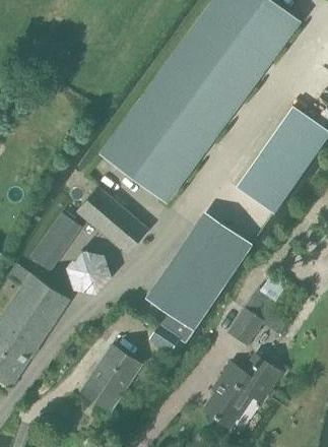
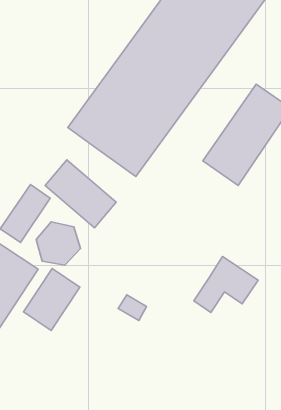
building: [155,225,240,321] -> none
building: [82,345,140,409] -> [24,269,80,331]
building: [204,356,280,431] -> none

